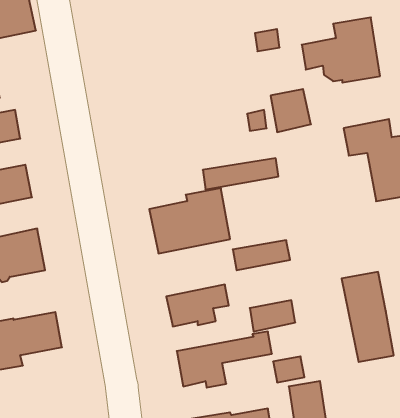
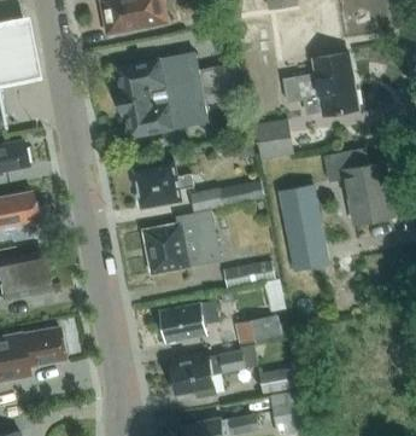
building: none -> [118,54,239,136]
building: none -> [136,162,194,208]
building: [342,272,394,362] -> [280,186,328,269]

